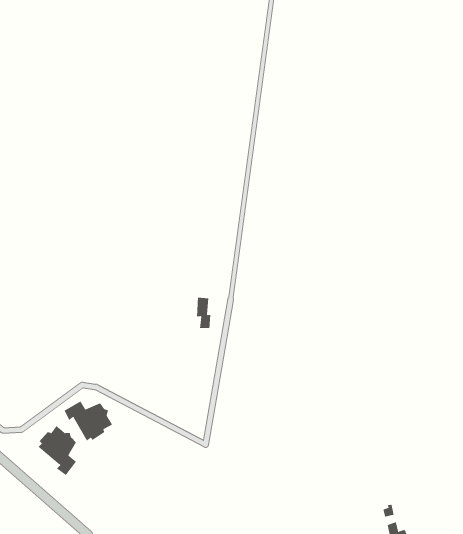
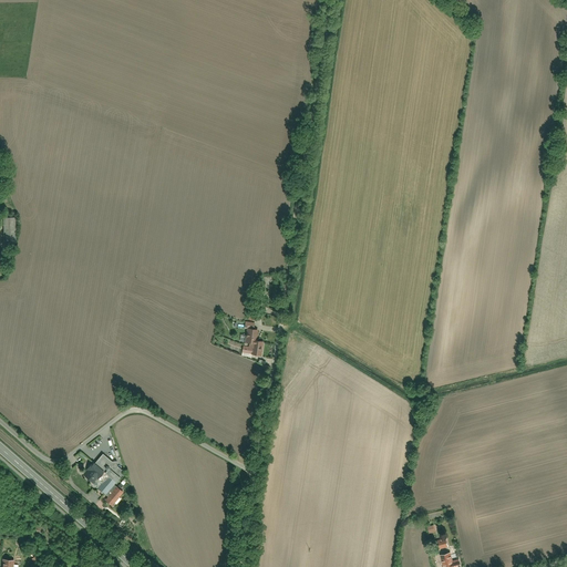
building: [64,401,113,441] -> none

